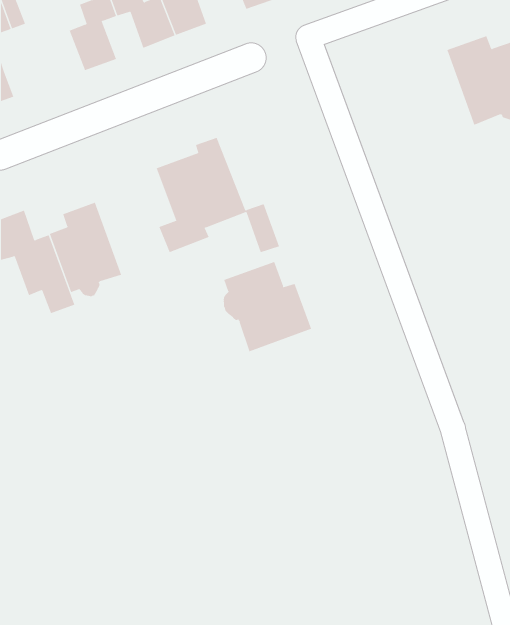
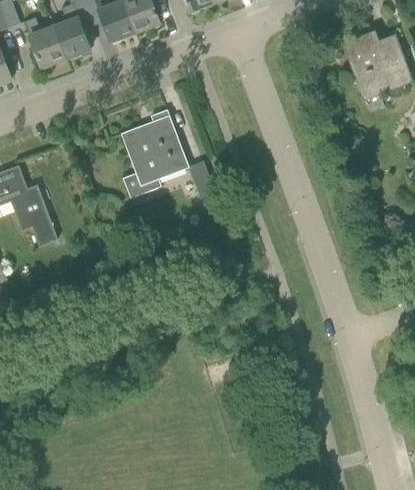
building: none -> [24,17,65,67]
building: [49,202,122,297] -> none
building: [223,261,312,352] -> none

